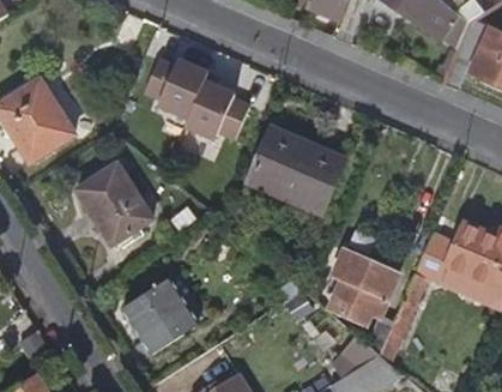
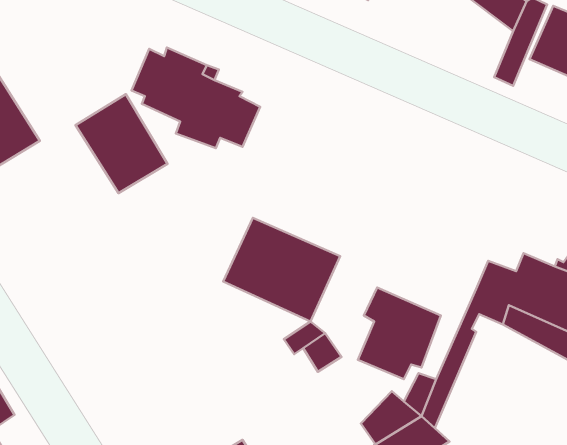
building: [249,129,344,213] -> [223,218,340,321]
building: [75,164,150,245] -> [76,94,167,193]
building: [122,279,196,354] -> none

